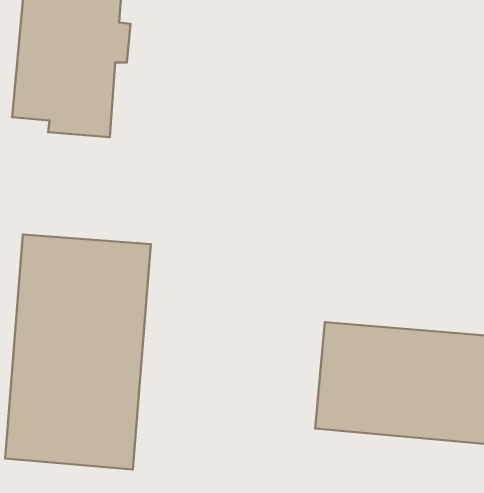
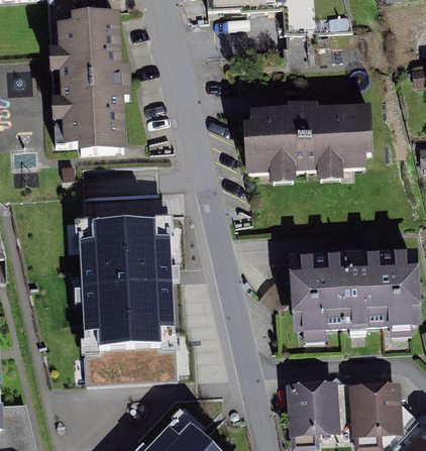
building: none -> [250,105,371,168]

